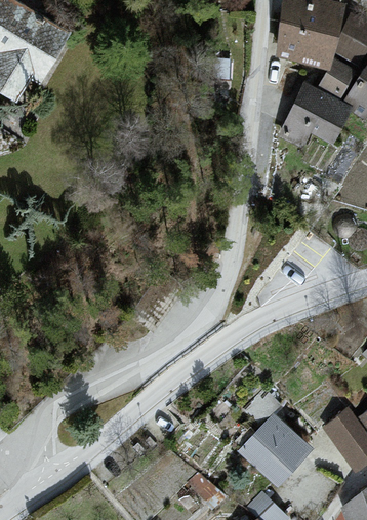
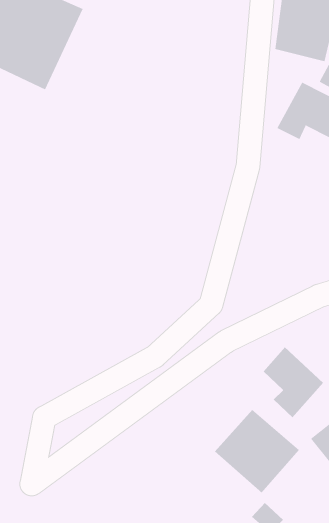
building: none -> [263,346,324,418]

